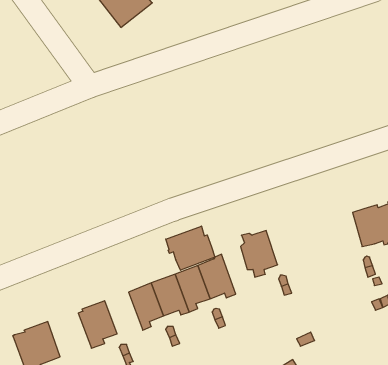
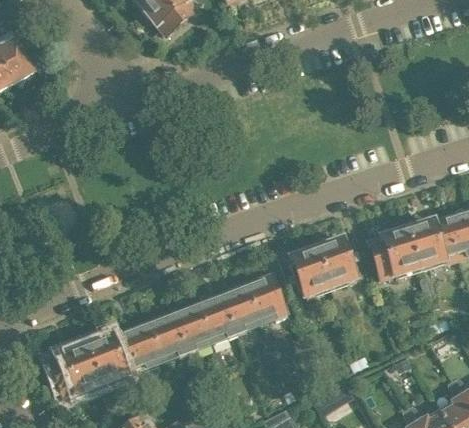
building: none -> [370,229,418,277]
building: none -> [317,236,357,284]
building: [166,226,215,270] -> none
building: none -> [147,313,187,357]
building: none -> [87,335,133,381]

